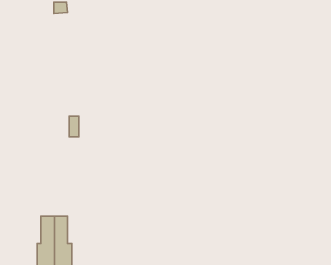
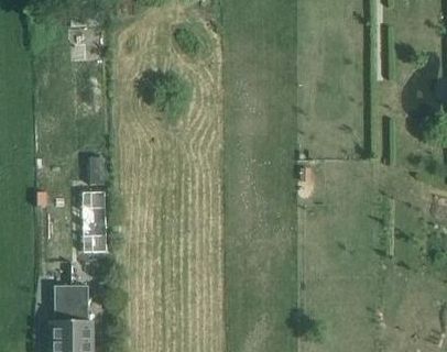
building: none -> [80,190,107,252]

